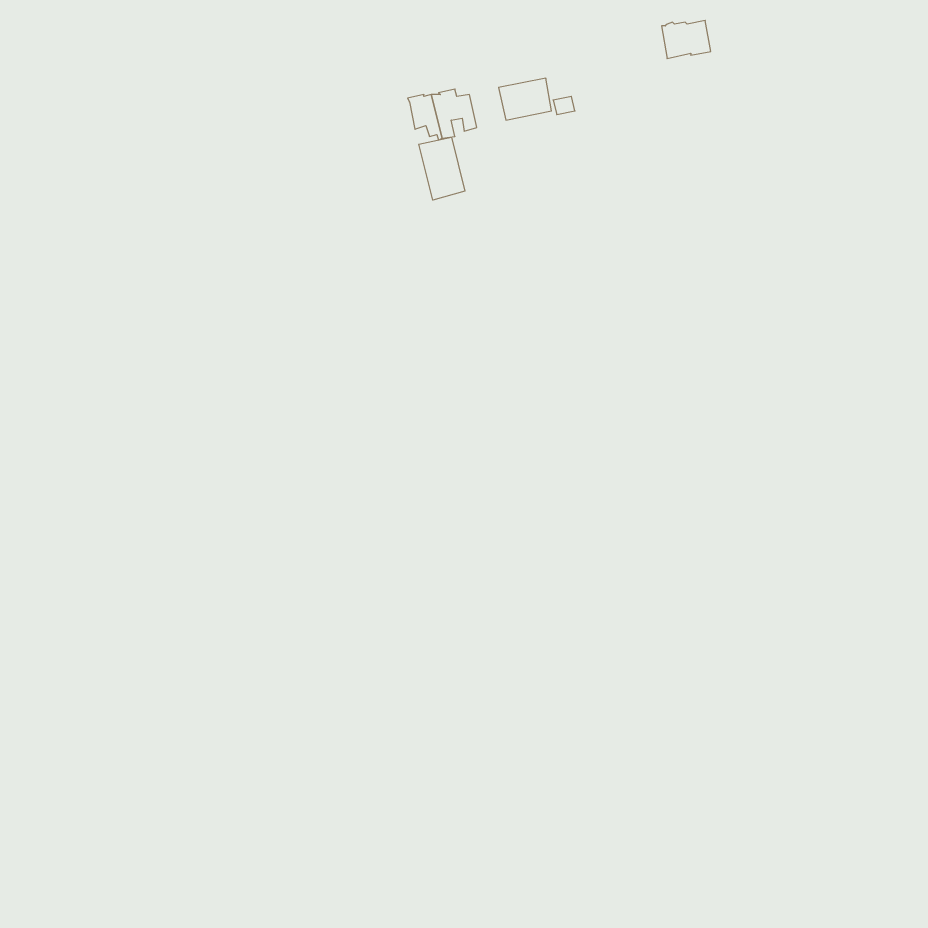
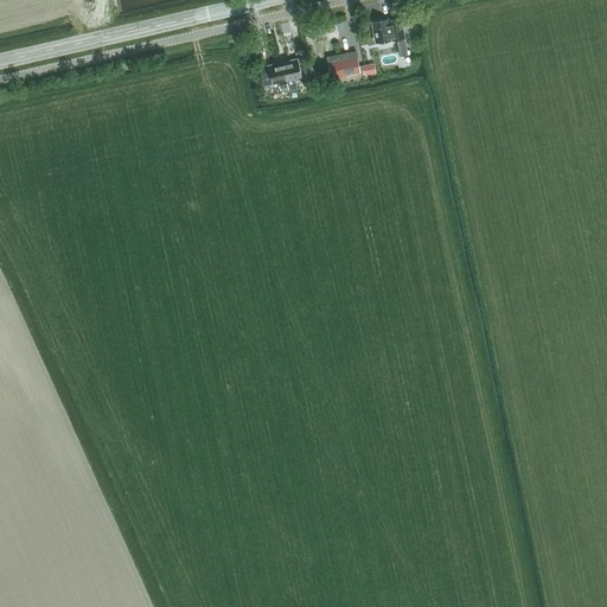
building: [662,20,711,59] -> [371,19,403,44]
building: [419,137,465,200] -> none

